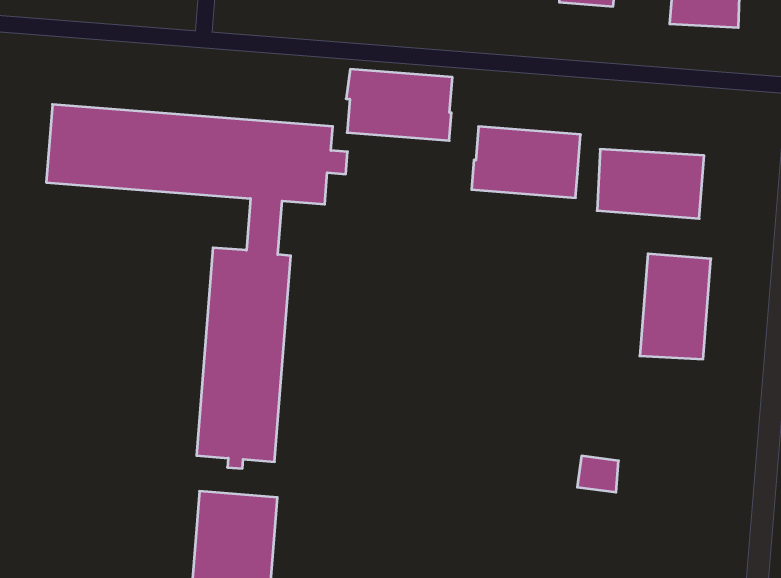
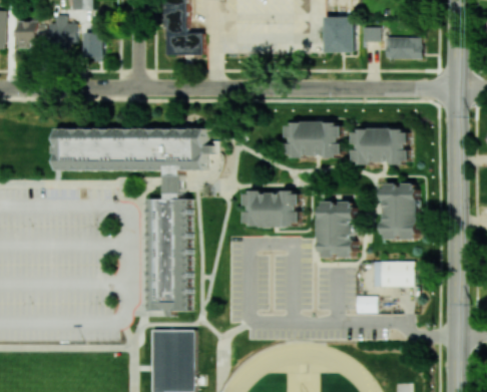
building: [346,69,452,141] -> [242,191,300,226]
building: none -> [319,202,353,257]
building: none -> [371,261,413,287]

